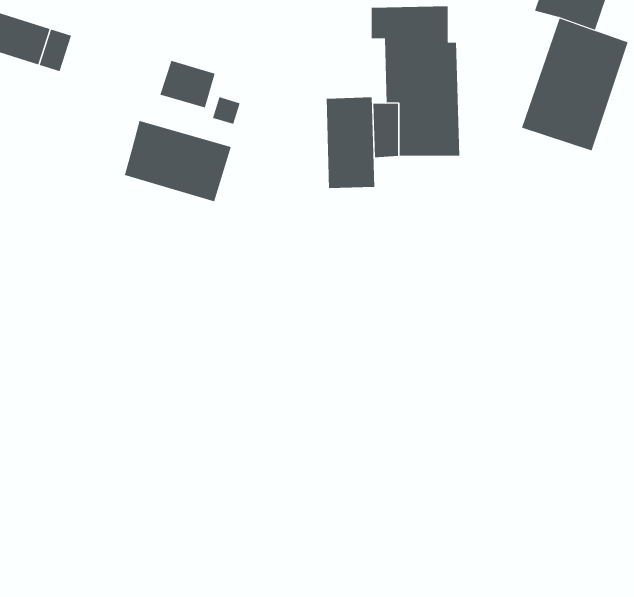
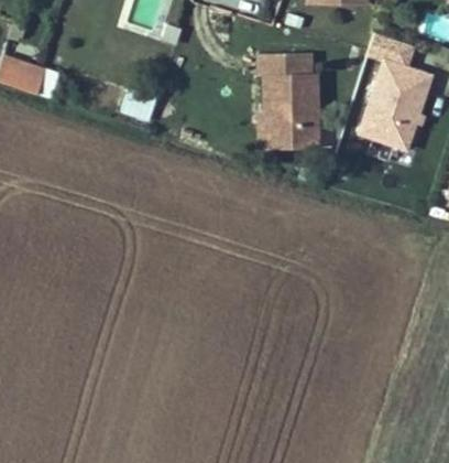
building: [326,97,375,189] -> none
building: [124,120,231,202] -> none

